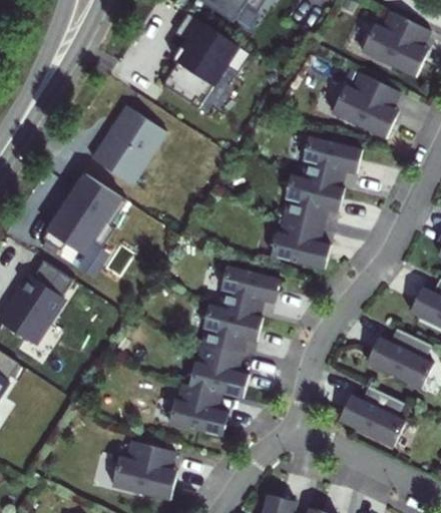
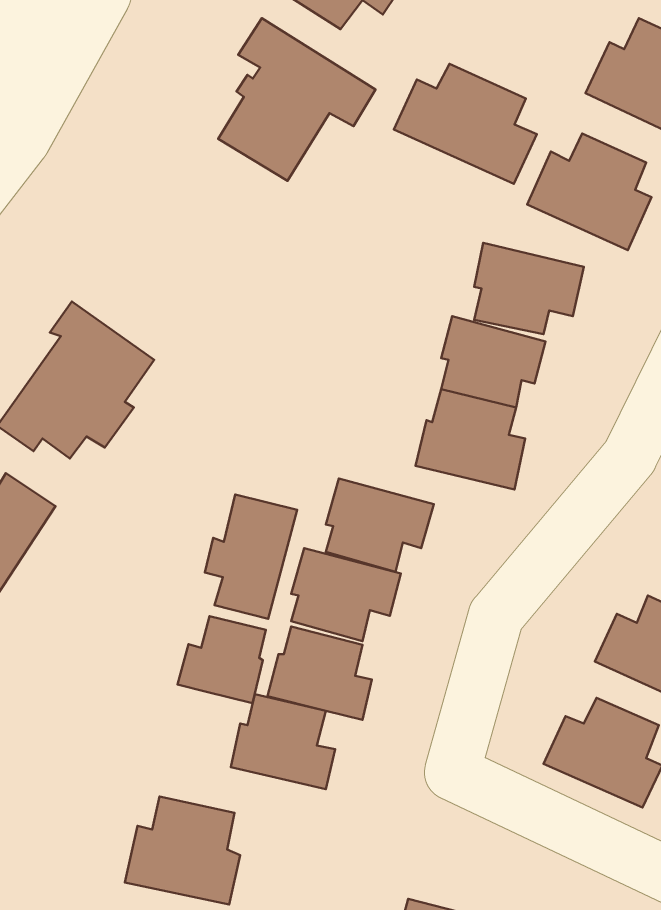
building: none -> [394,64,537,184]
building: [91,105,165,181] -> none
building: none -> [205,494,297,619]
building: none -> [178,616,266,703]

